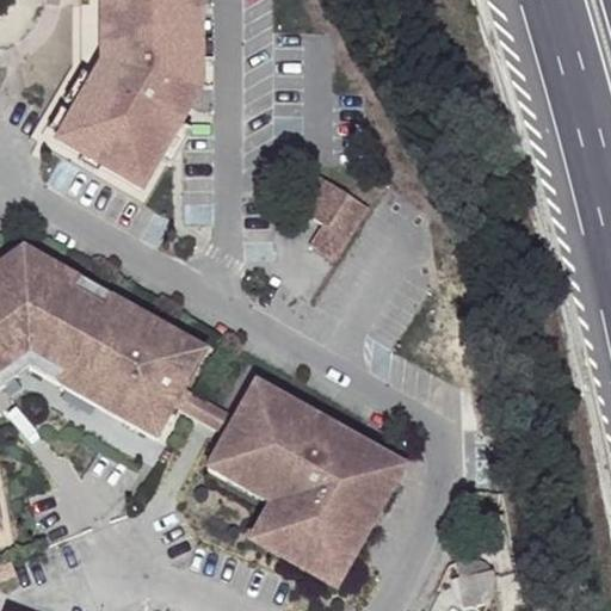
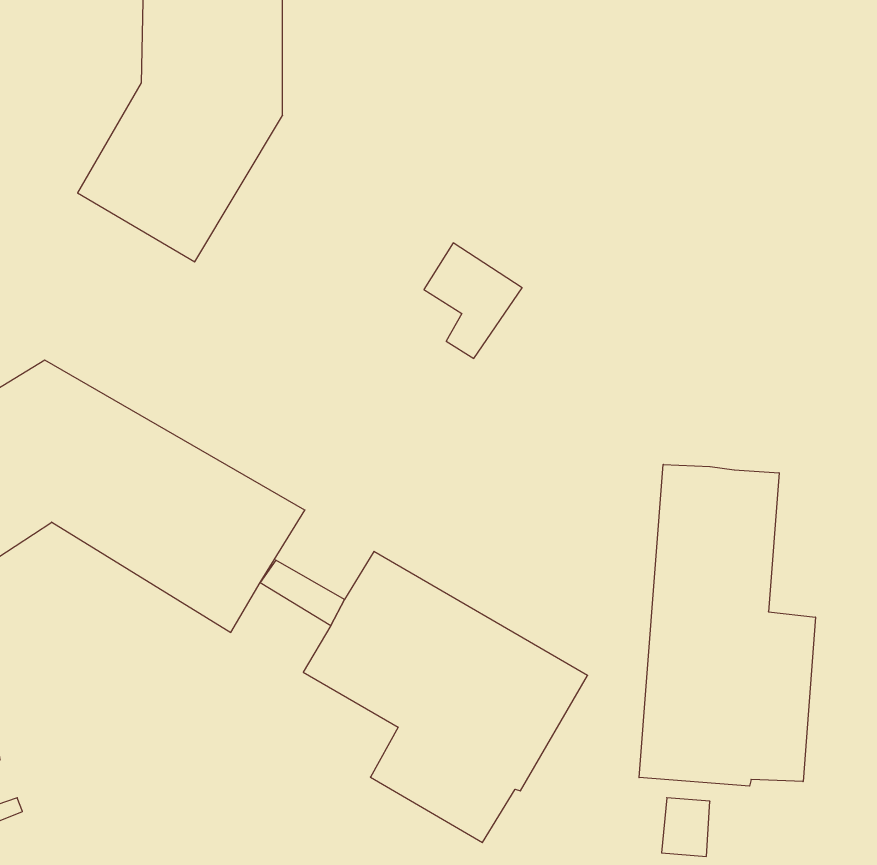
building: none -> [639,464,815,786]

